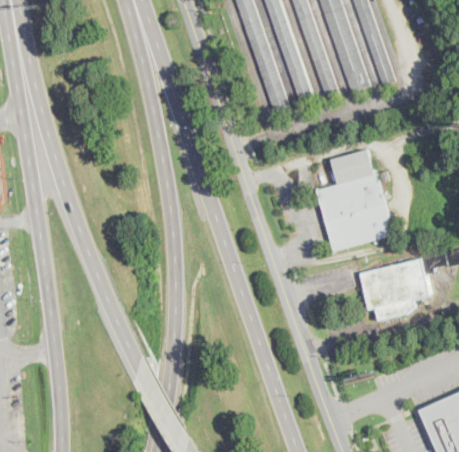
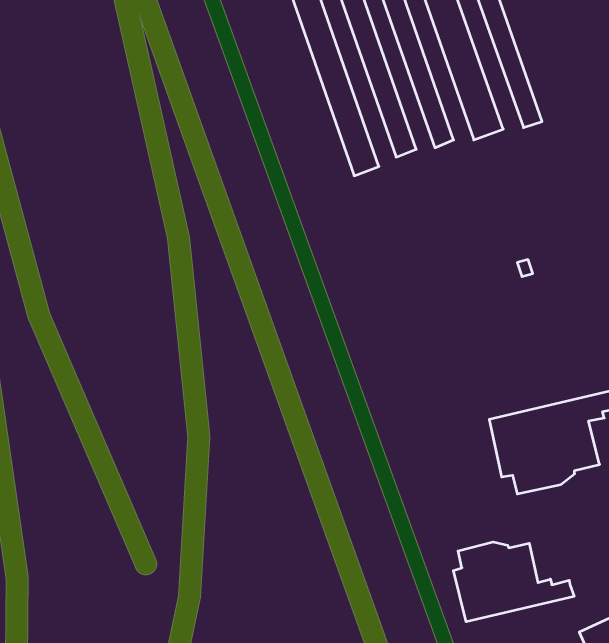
building: [318,149,395,251] -> none
building: none -> [453,542,574,622]

